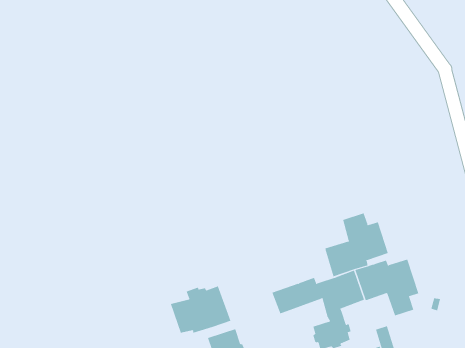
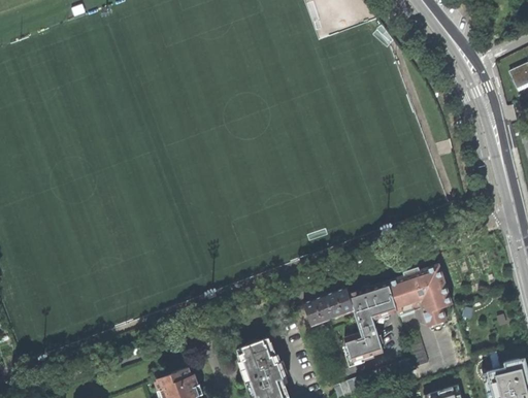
building: [325,212,389,277] -> none
building: [170,285,231,334] -> none

